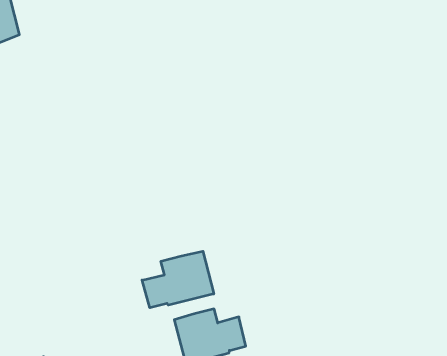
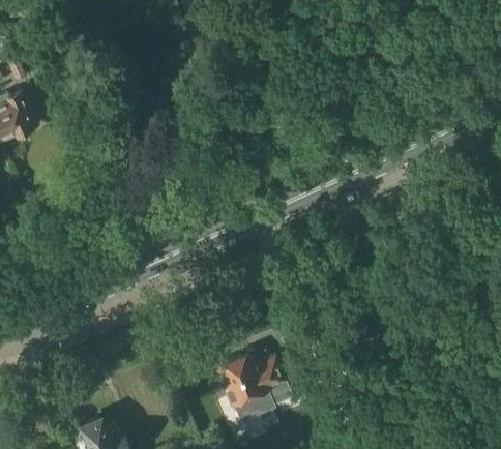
building: [142,251,214,308] -> none

